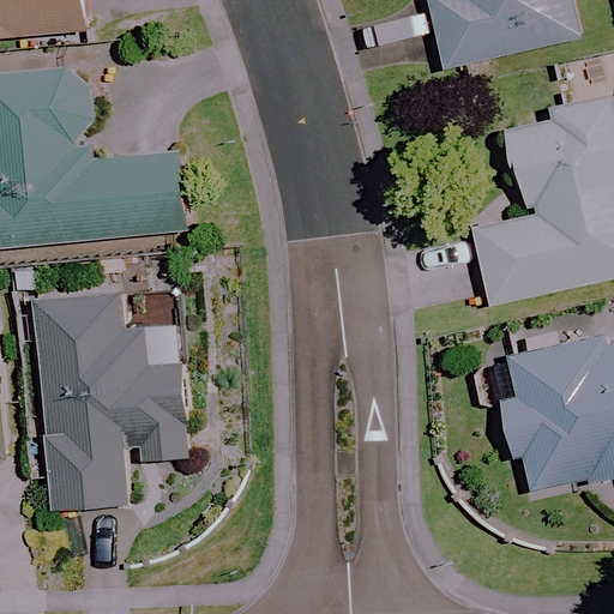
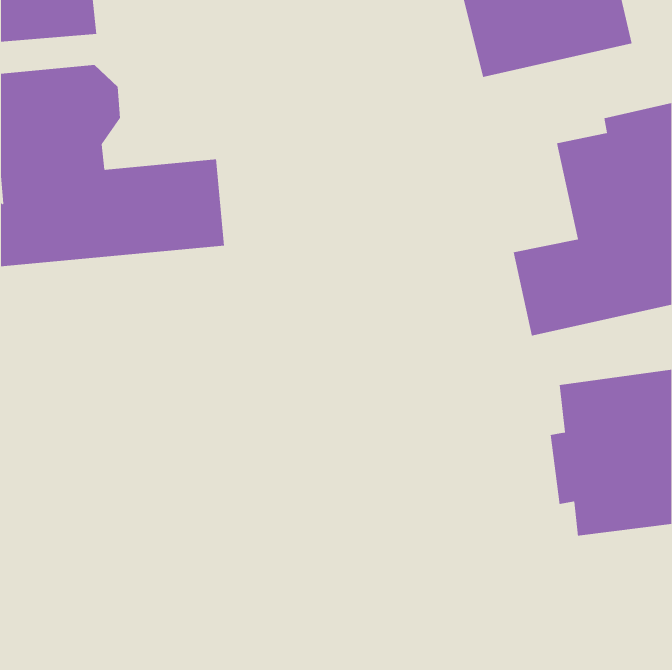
building: [35,291,189,508] -> none

